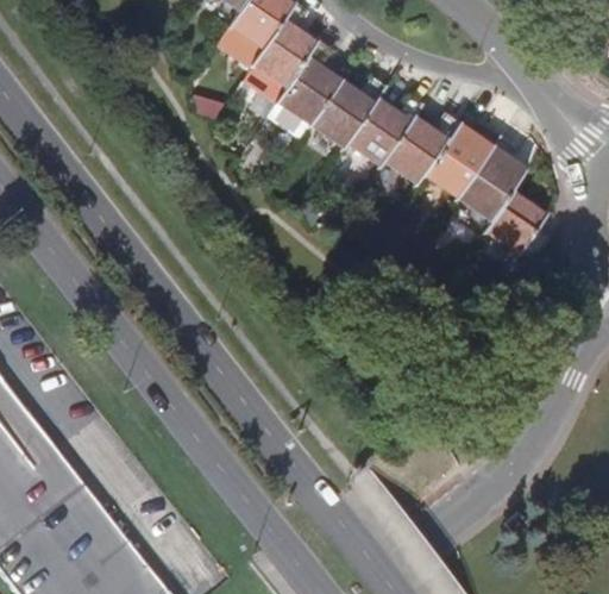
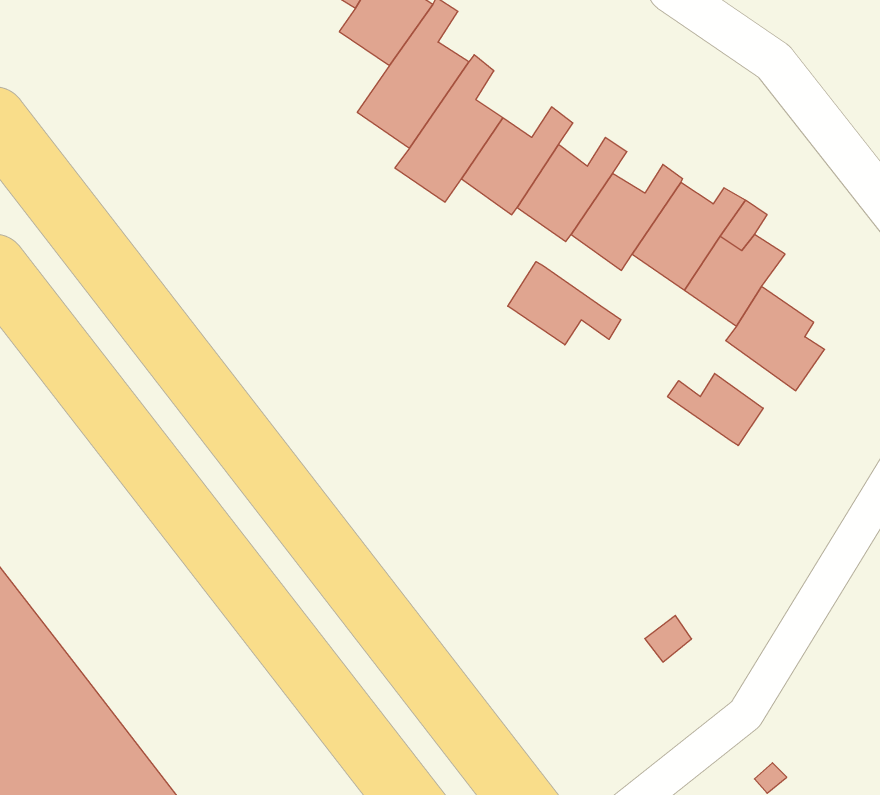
building: none -> [508,262,621,345]
building: none -> [668,373,763,446]

